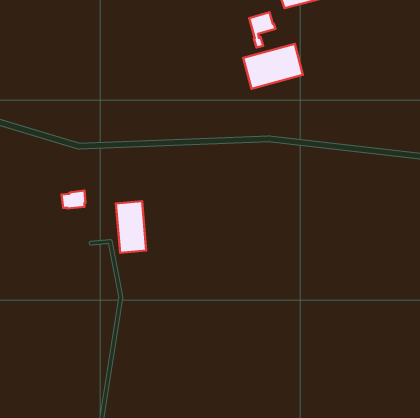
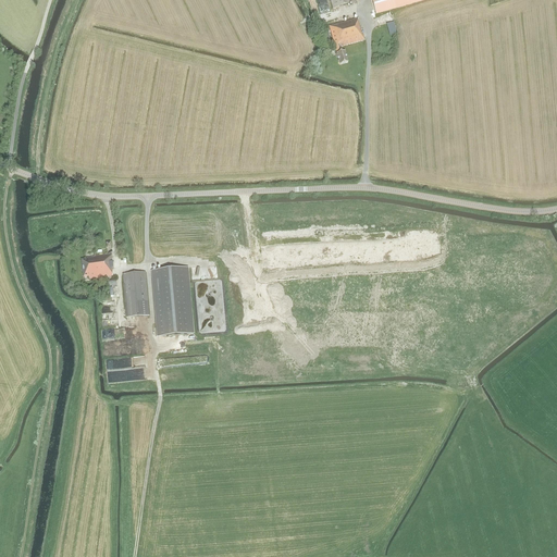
building: [243,44,303,89] -> none
building: none -> [123,270,149,315]

